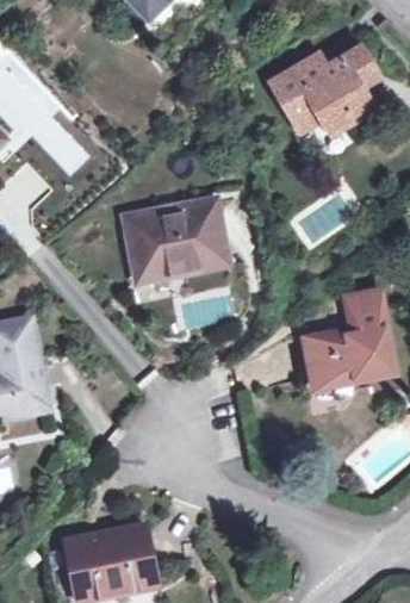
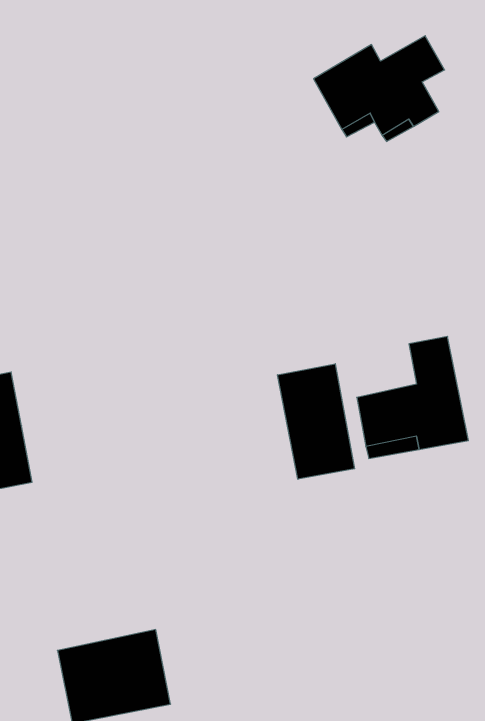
building: [128,200,225,278] -> none
building: none -> [278,364,355,479]

